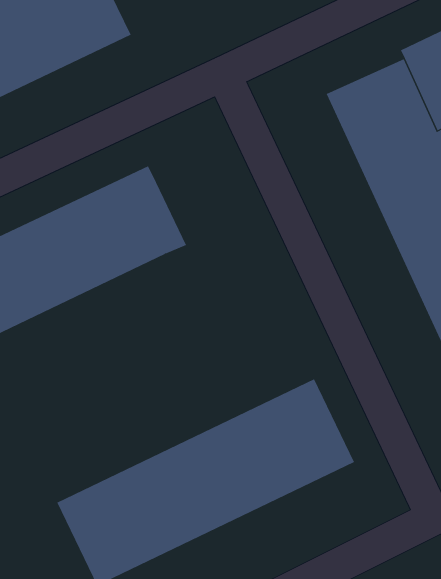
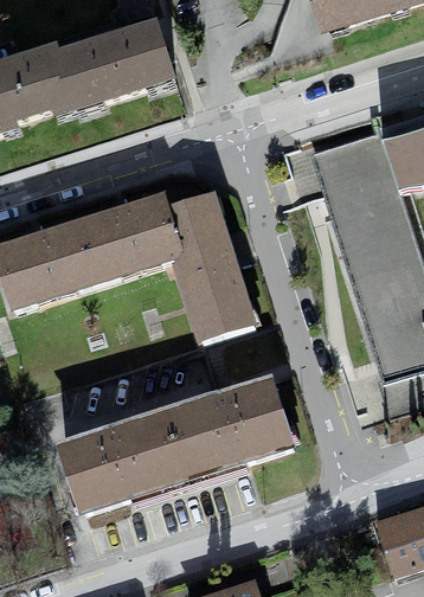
building: none -> [169,192,256,344]

